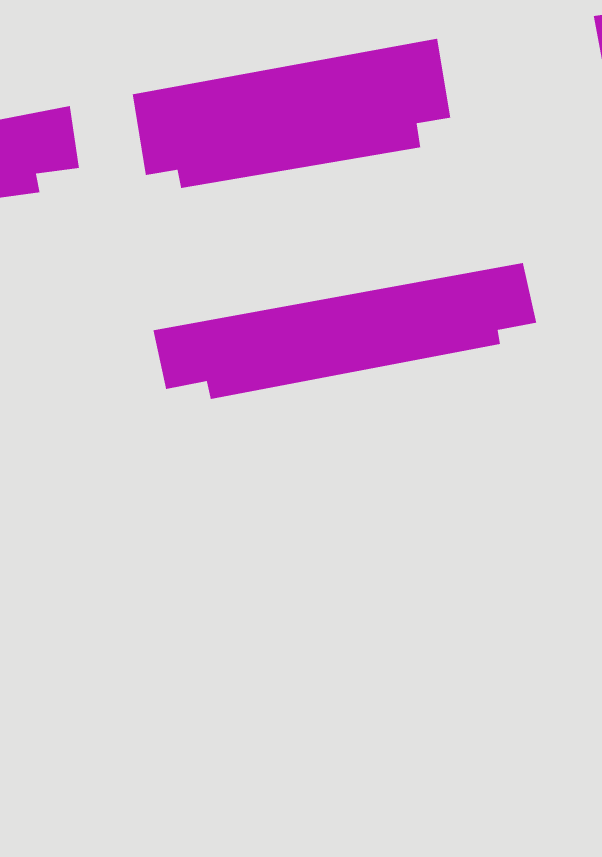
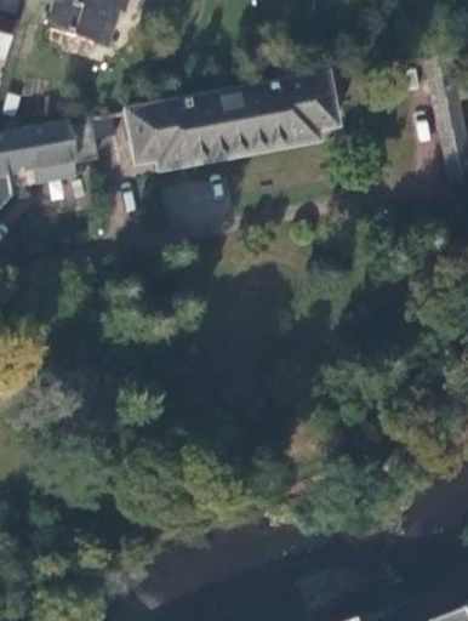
building: [153,262,537,400] -> none

